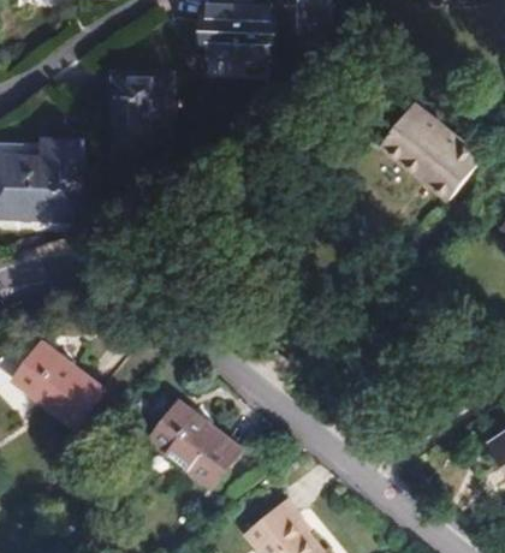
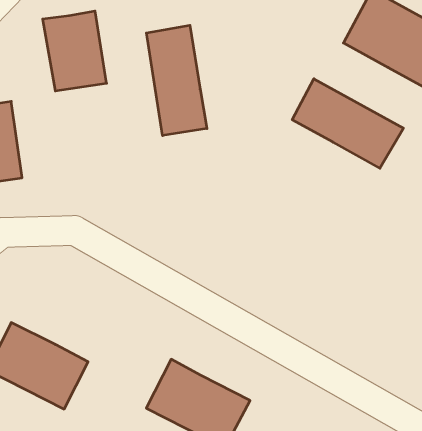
building: none -> [146,25,207,136]
building: none -> [292,79,403,168]

